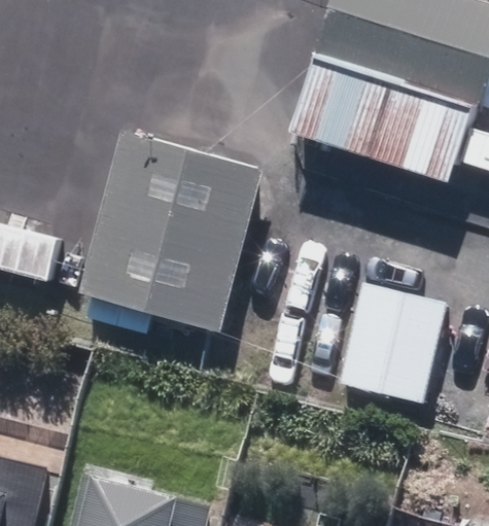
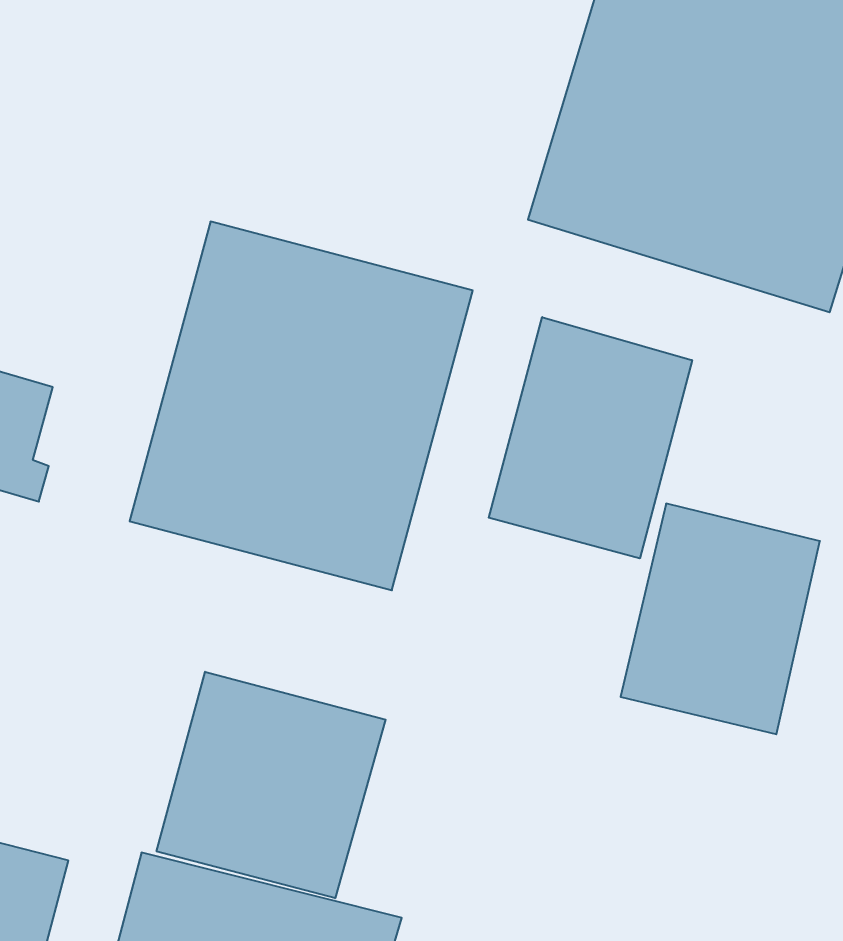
building: none -> [489,317,692,558]
building: none -> [157,672,386,898]

